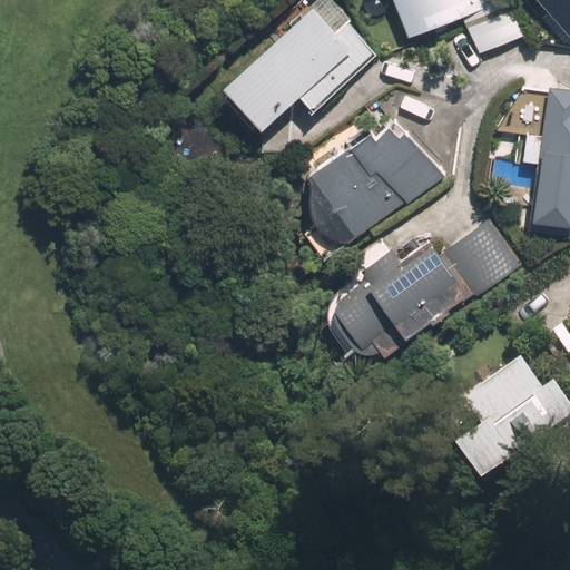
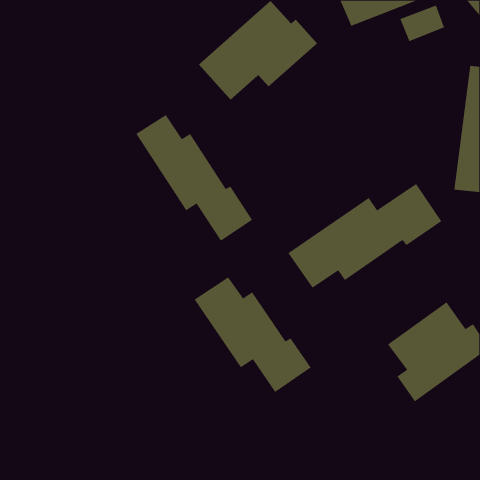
building: [305,130,444,244] -> none
building: none -> [135,114,253,241]
building: none -> [194,276,311,393]

